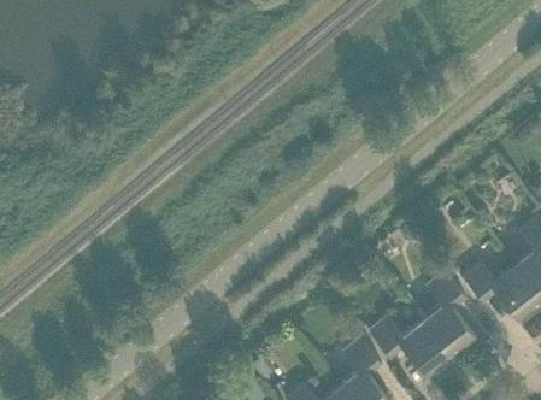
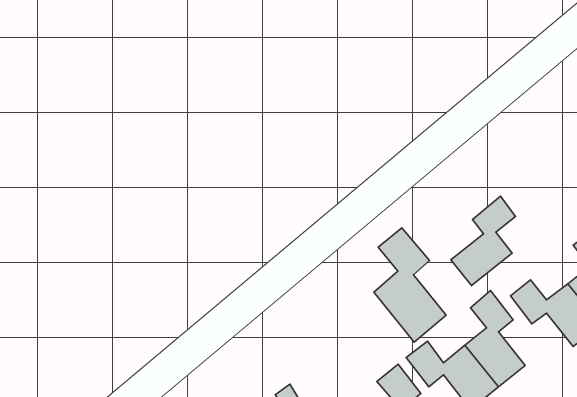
building: none -> [451,196,516,286]
building: none -> [374,228,446,342]

